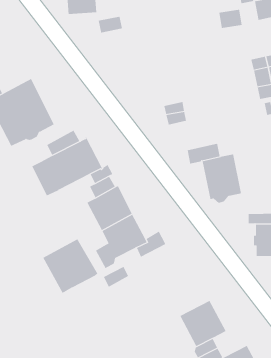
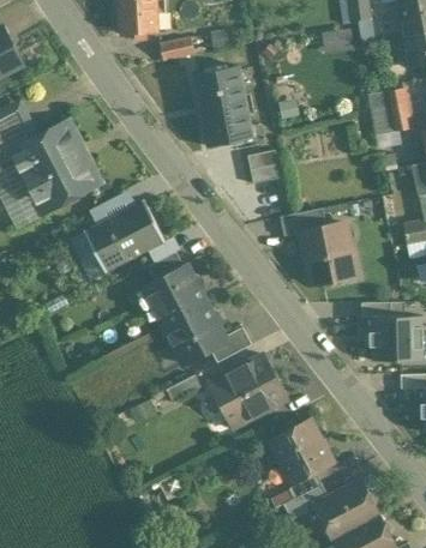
building: none -> [193,65,252,145]
building: [43,239,98,294] -> none
building: none -> [209,354,288,428]

